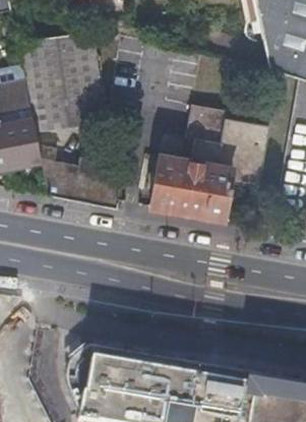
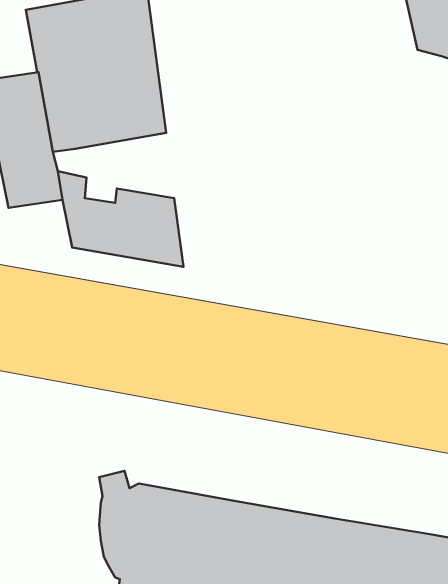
building: [149,104,264,218] -> none

